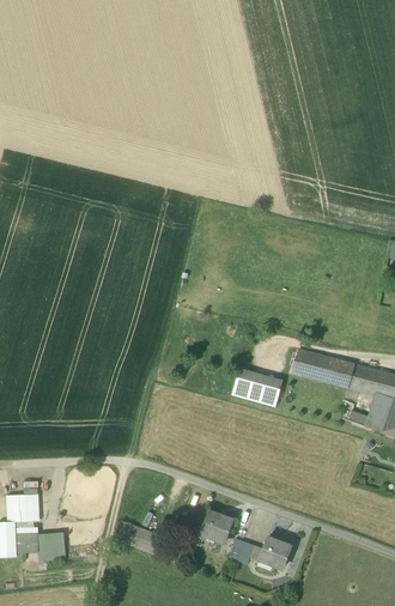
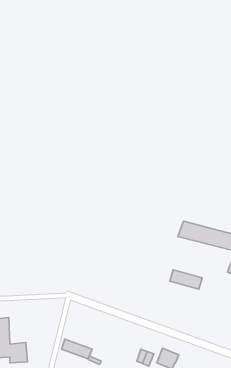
building: [231,377,279,406] -> [170,270,202,289]
building: [200,510,232,541] -> none

